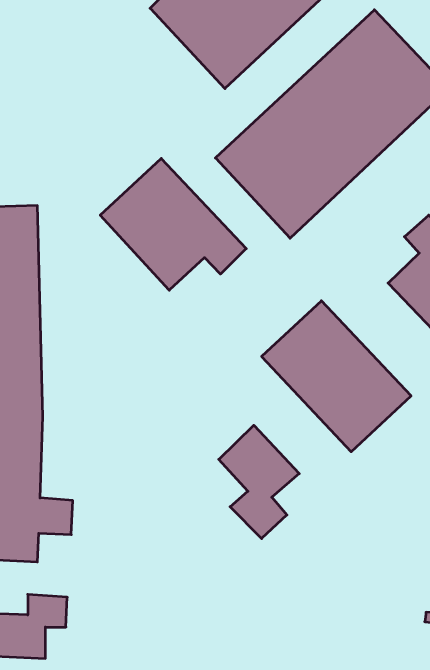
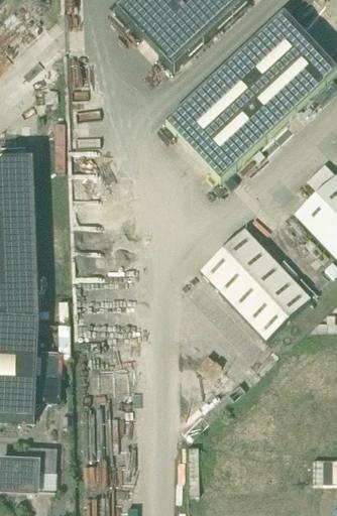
building: [100,158,246,290] -> none
building: [219,425,299,539] -> none

